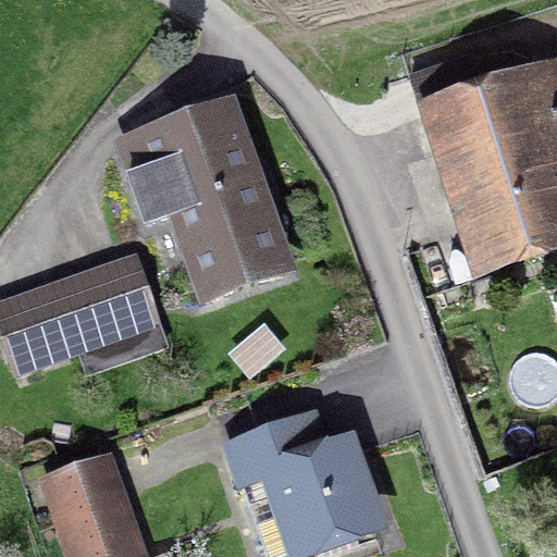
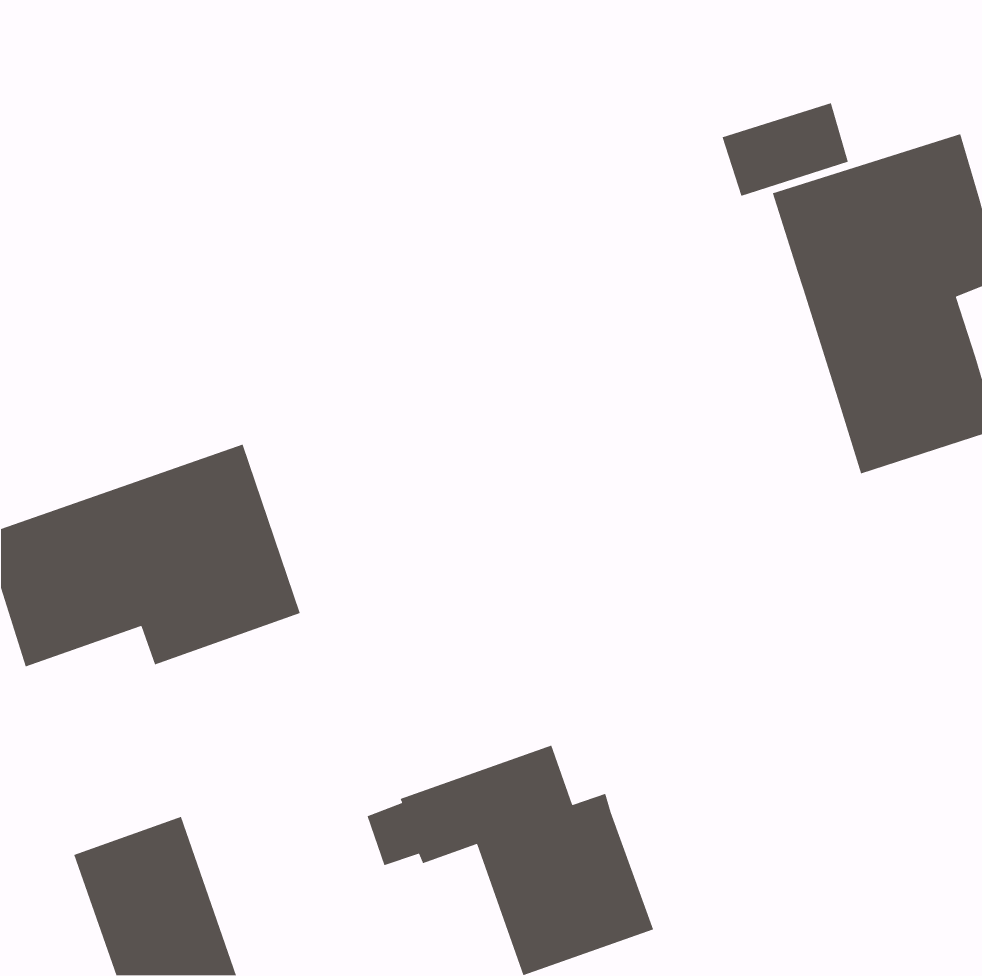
building: [119,108,282,296] -> none

